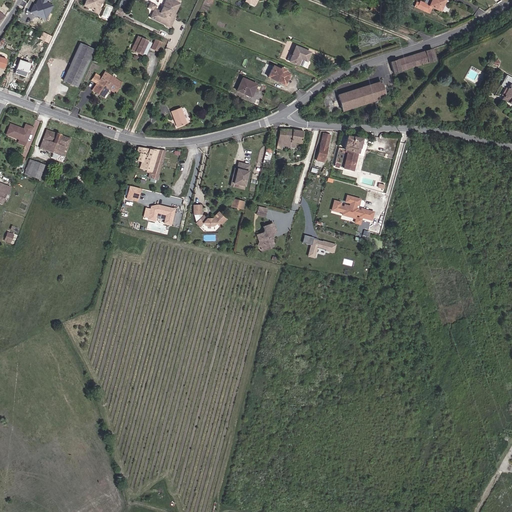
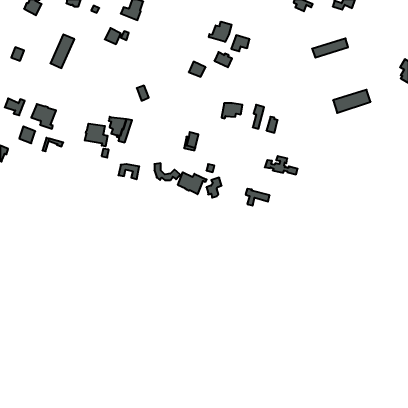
building: none -> [209,22,232,42]
building: [92,71,123,96] -> none
building: [339,81,386,110] -> [333,90,371,113]
building: [344,134,362,168] -> none
building: none -> [85,124,108,146]
building: none -> [178,172,207,194]

